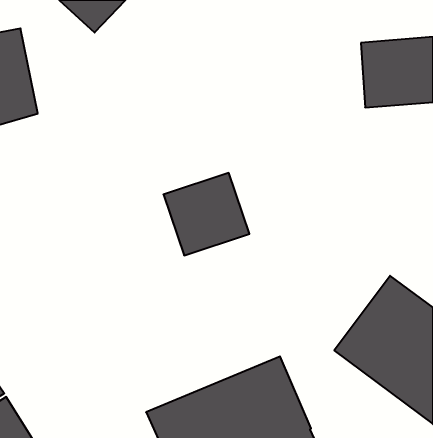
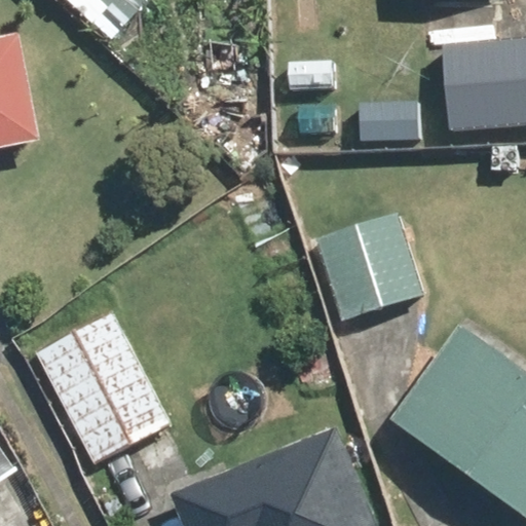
building: [163,173,249,255] -> [317,217,420,315]
building: none -> [46,314,163,454]

